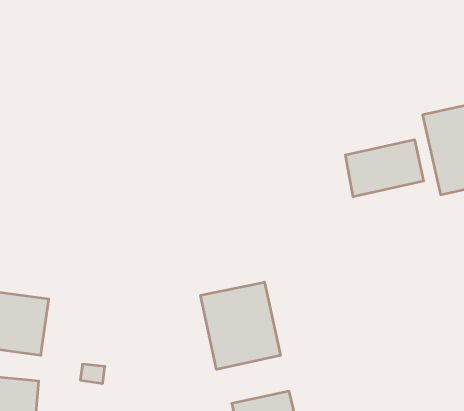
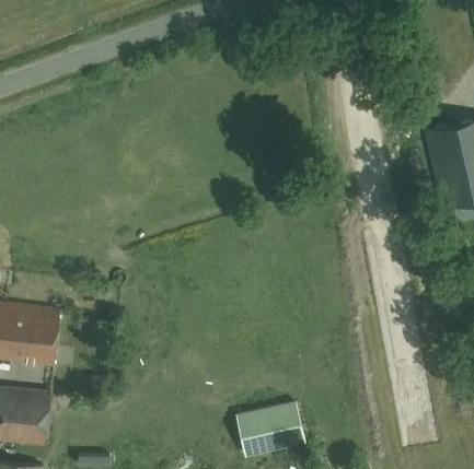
building: [345,140,424,197] -> none
building: [201,282,280,369] -> none

